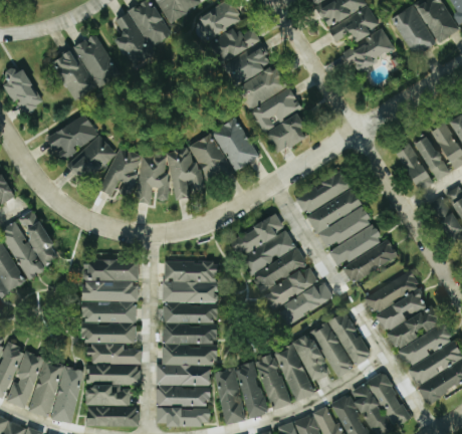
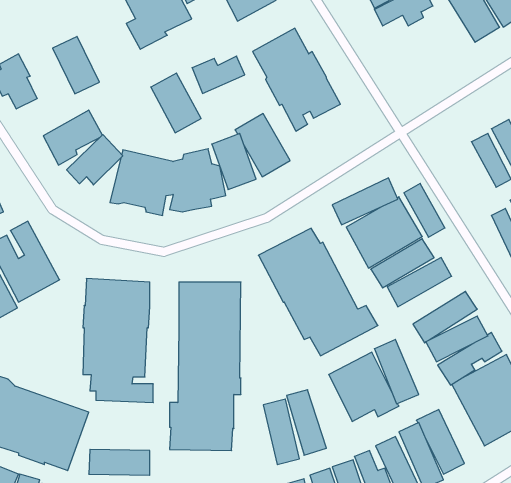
building: [218,26,263,58] -> [192,56,245,93]
building: [346,27,397,71] -> none
building: [77,33,121,84] -> [151,73,201,133]
building: [265,114,308,153] -> none
building: [395,142,430,188] -> [404,183,445,237]
building: [274,343,313,401] -> none
building: [85,364,139,405] -> none
building: [215,369,243,423] -> none
building: [156,407,209,426] -> none

